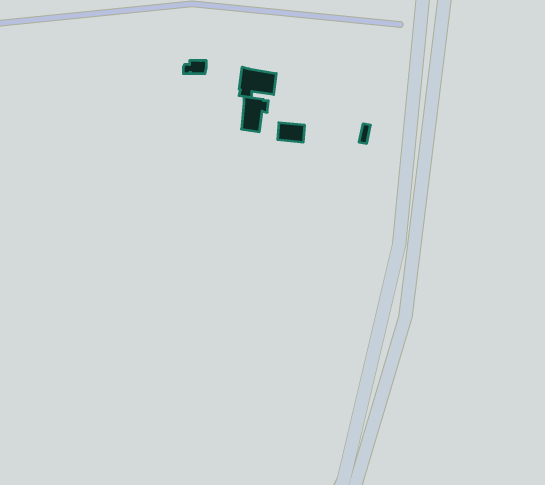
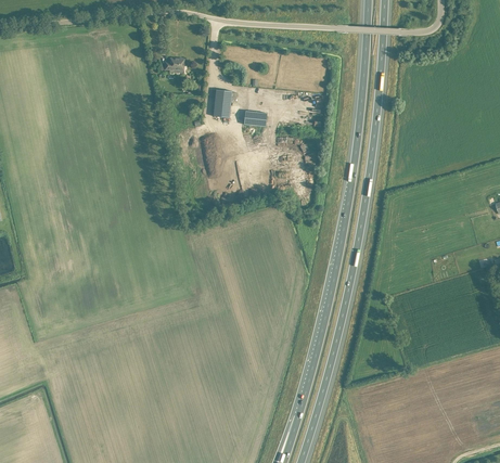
building: [239,67,276,98] -> none

